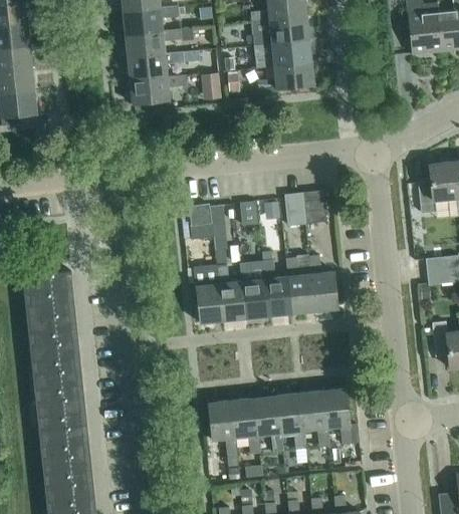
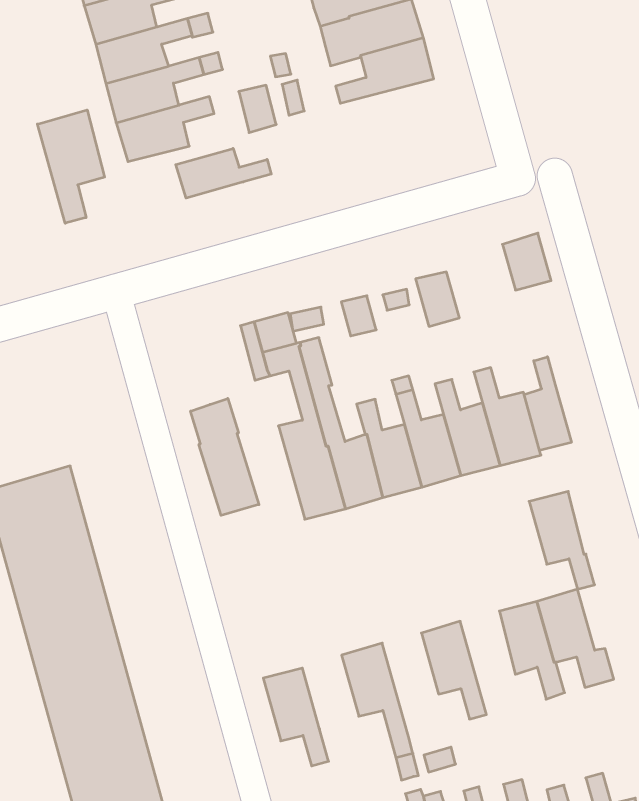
building: none -> [37,110,105,223]
building: none -> [176,148,271,198]
building: [303,193,327,223] -> [502,233,551,290]
building: none -> [191,398,259,515]
building: none -> [524,357,571,451]
building: [278,393,307,449] -> [529,491,595,589]
building: [232,398,261,454] -> [263,668,329,766]

